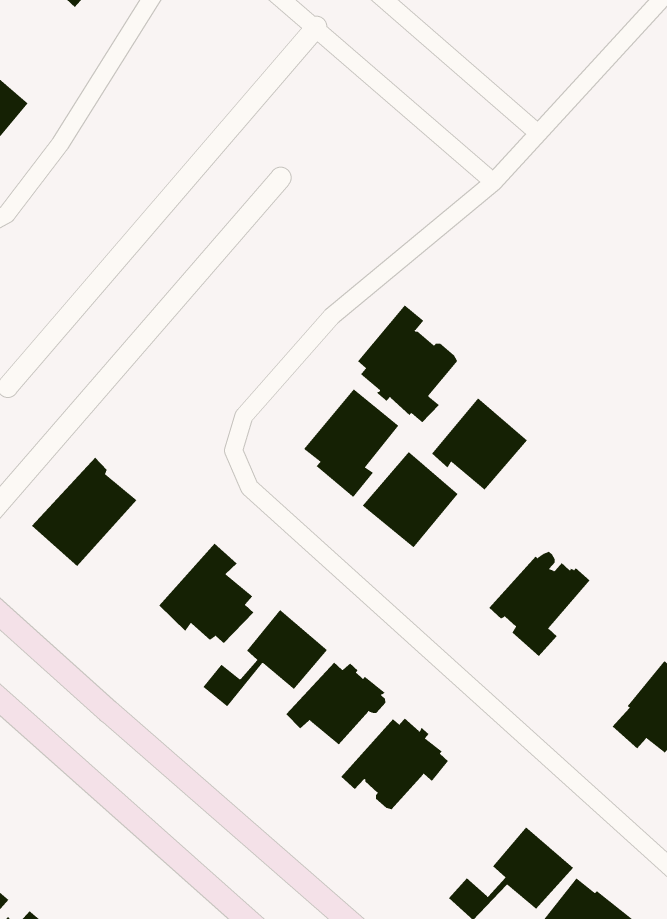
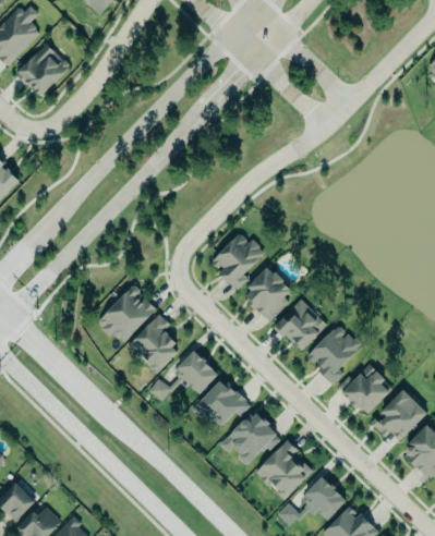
building: [357,305,458,423] -> none
building: [431,397,528,490] -> [273,299,326,350]
building: [31,457,137,567] -> [96,284,155,344]
building: none -> [341,370,391,413]
building: none -> [255,438,313,499]

